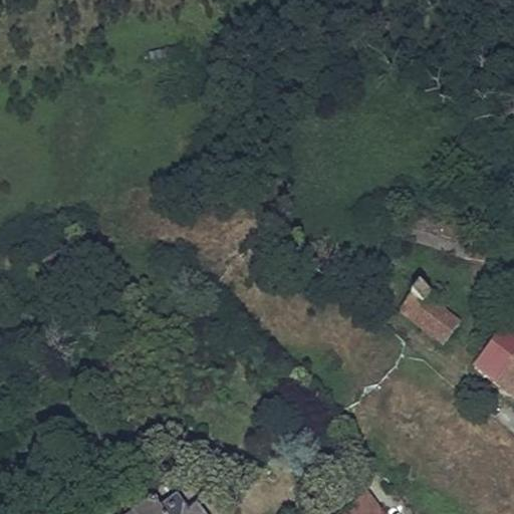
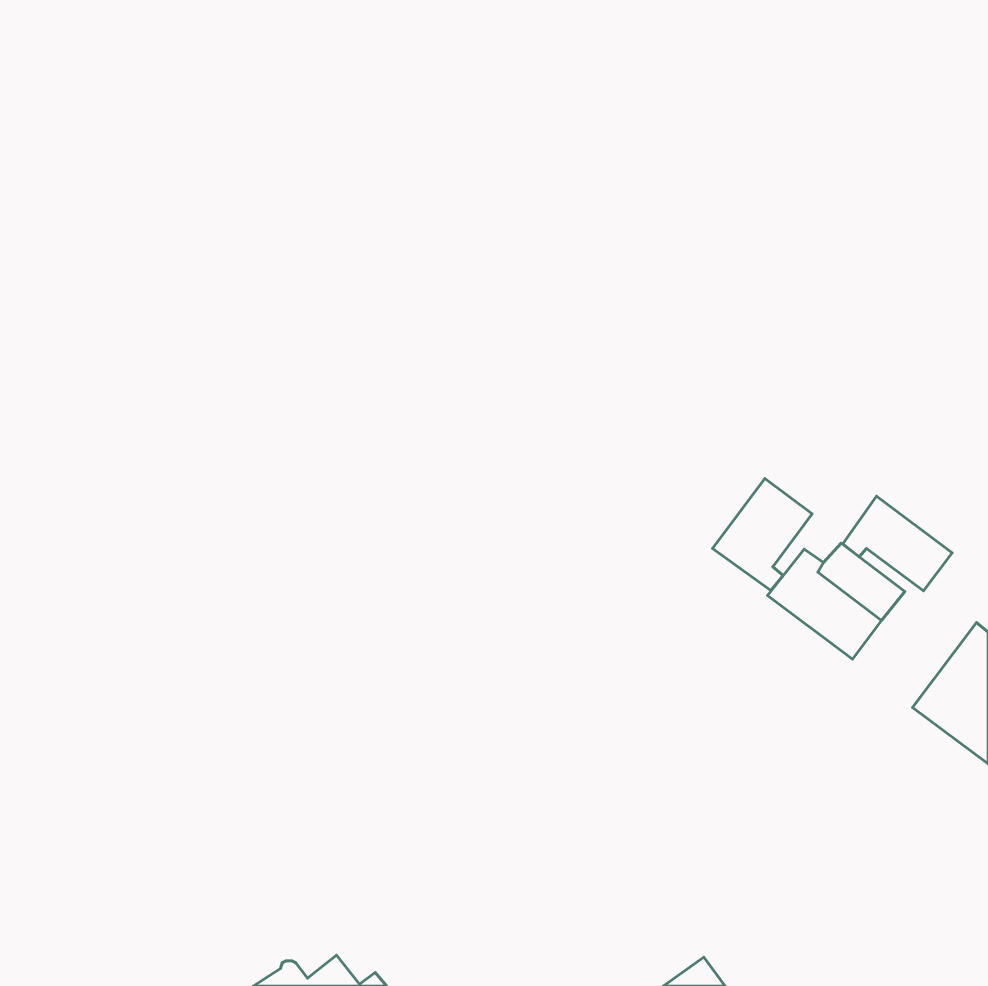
building: none -> [713,479,812,591]
building: none -> [843,496,952,591]

